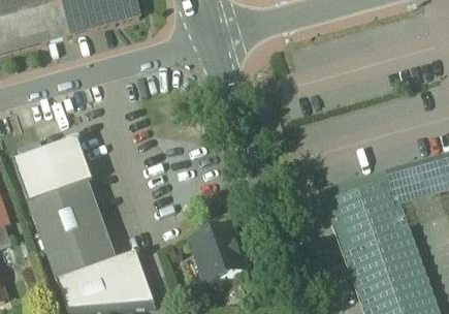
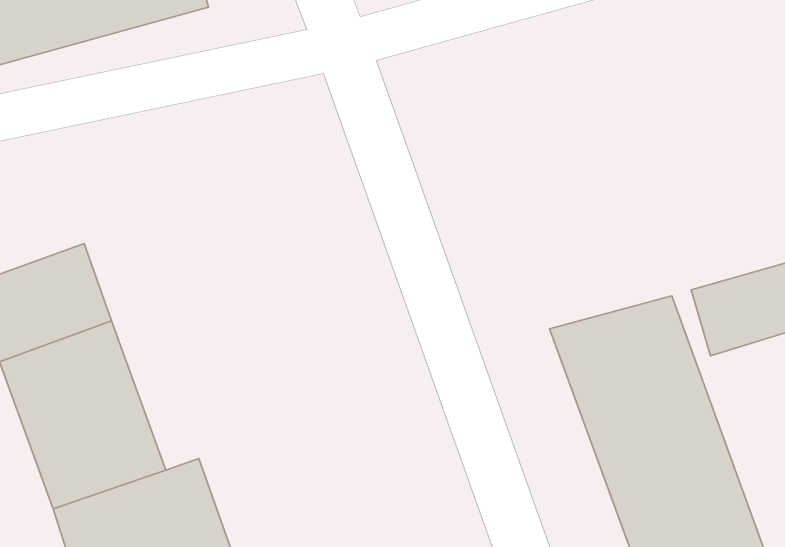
building: [193,224,246,280] -> none

